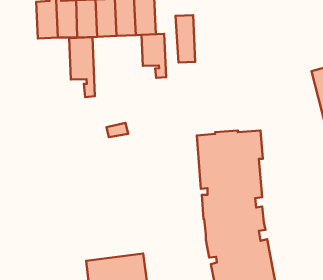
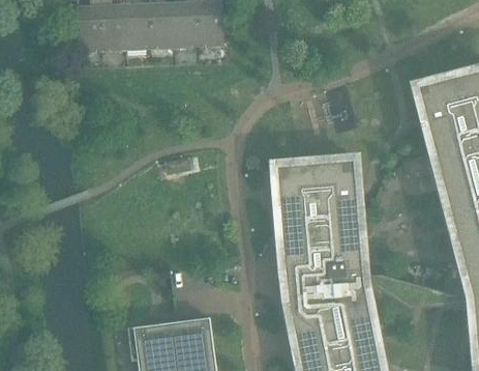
building: [176,15,195,63] -> none
building: [141,34,166,78] -> none
building: [69,37,95,97] -> none

